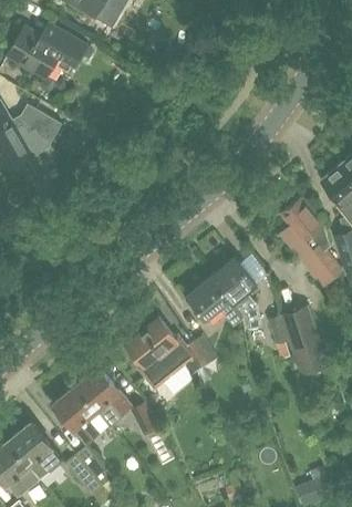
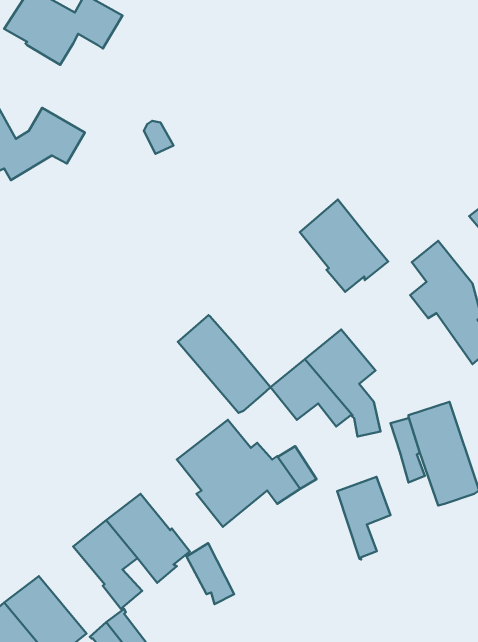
building: none -> [300,199,388,292]
building: none -> [178,315,270,413]
building: none -> [337,477,391,560]

